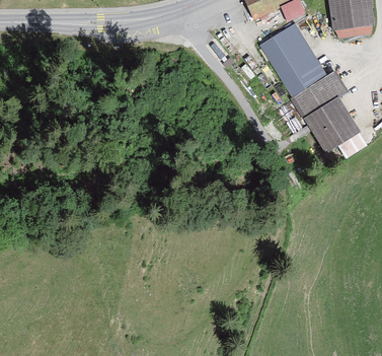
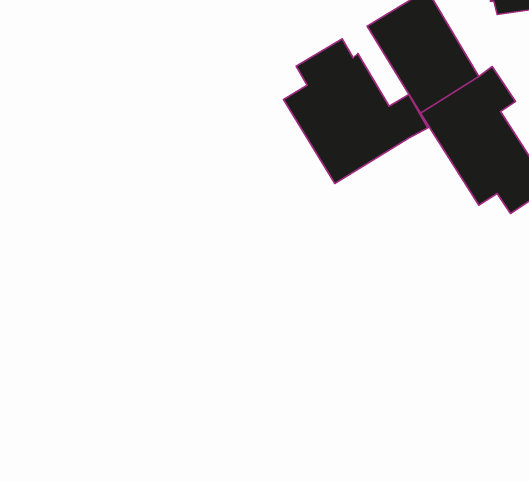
building: none -> [284,39,428,184]

